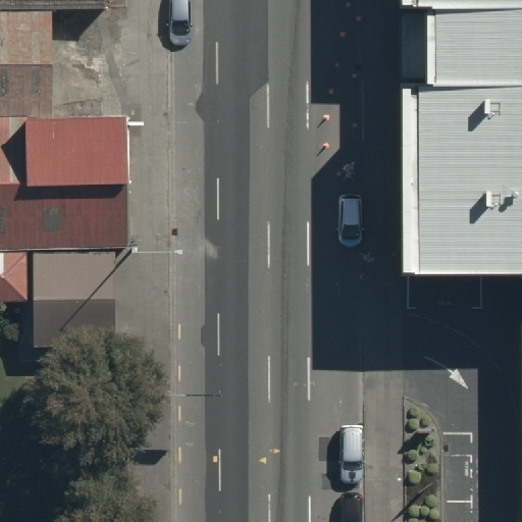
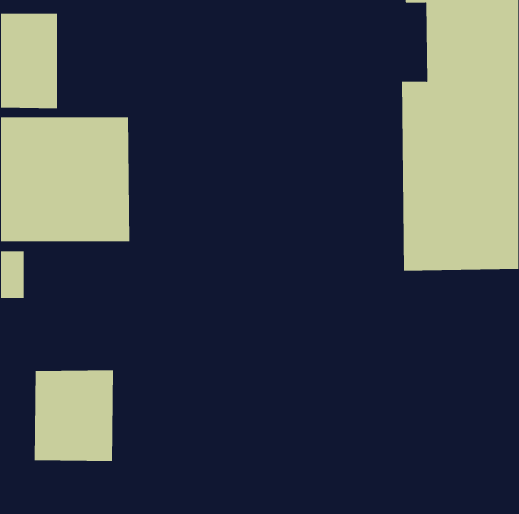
building: [35,253,115,345] -> [34,370,114,461]

